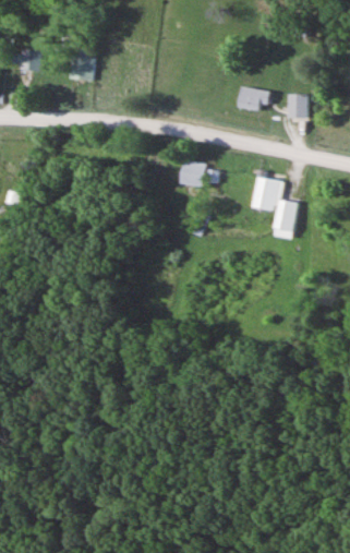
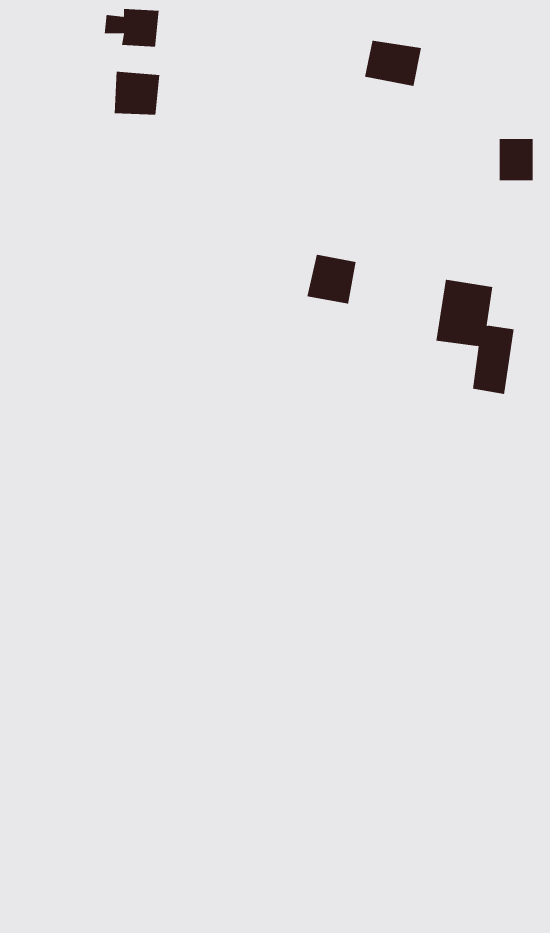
building: [12,49,44,71] -> [104,9,160,47]
building: [237,86,269,112] -> [364,40,422,86]

